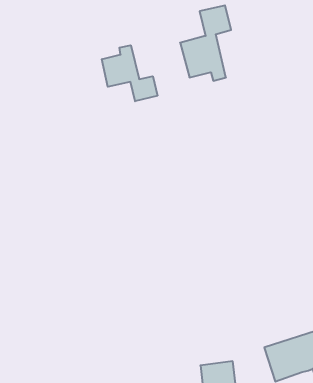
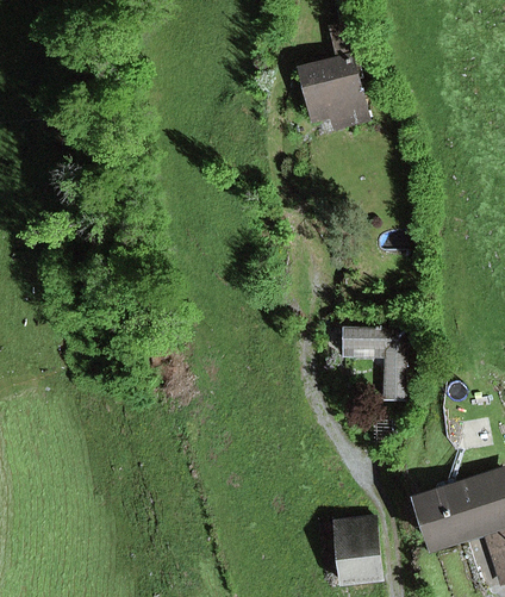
building: [102,45,157,101] -> none
building: none -> [343,327,404,400]

